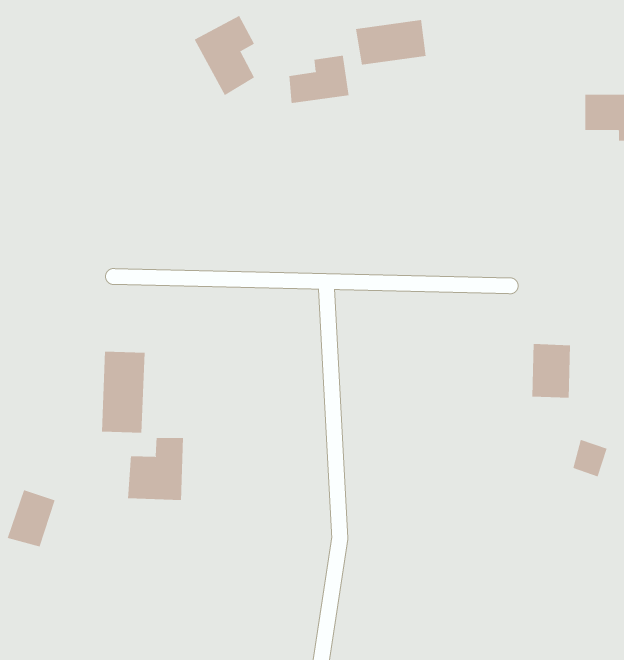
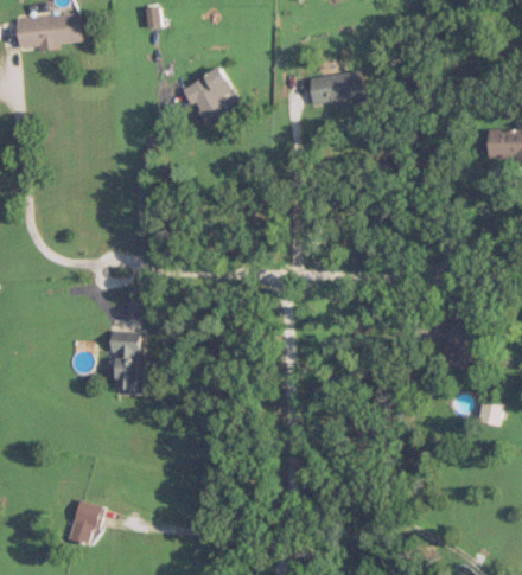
building: [289,55,349,104] -> none
building: [128,437,184,501] -> none
building: [7,490,55,547] -> [65,499,103,544]

